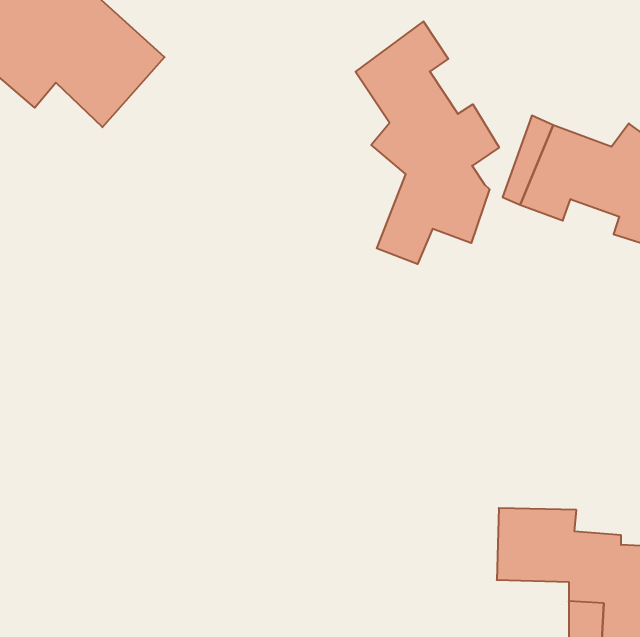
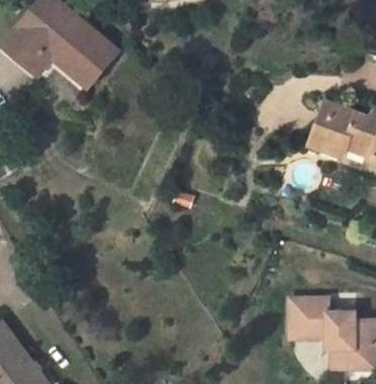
building: [356,21,499,264] -> none

